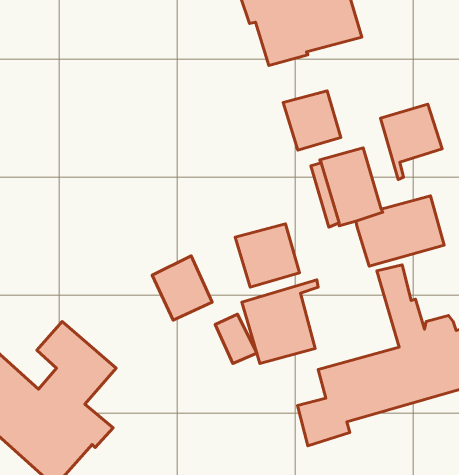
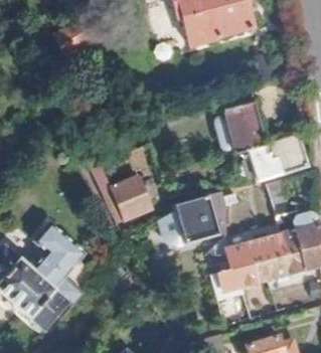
building: [283,91,341,150] -> none
building: [380,104,442,179] -> none
building: [235,224,300,287] -> none

